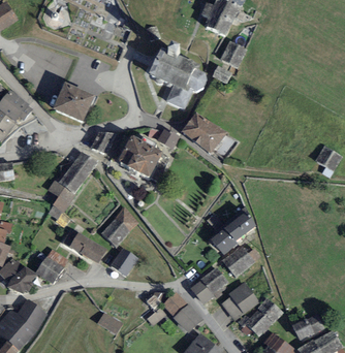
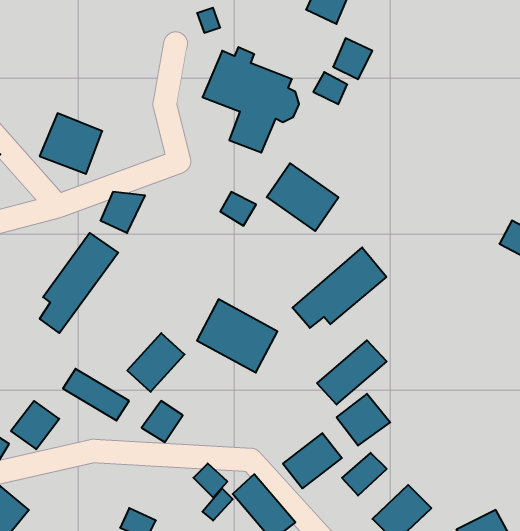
building: [121,139,167,182] -> [197,299,277,373]
building: none -> [292,247,386,328]

